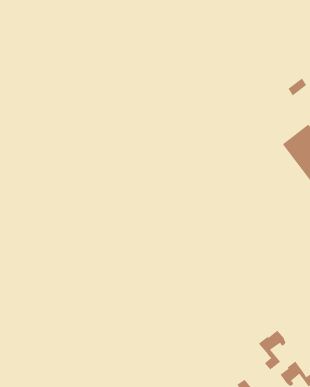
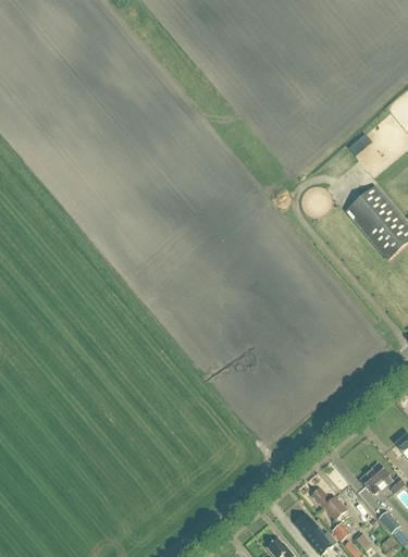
building: [258,330,286,371] -> none

